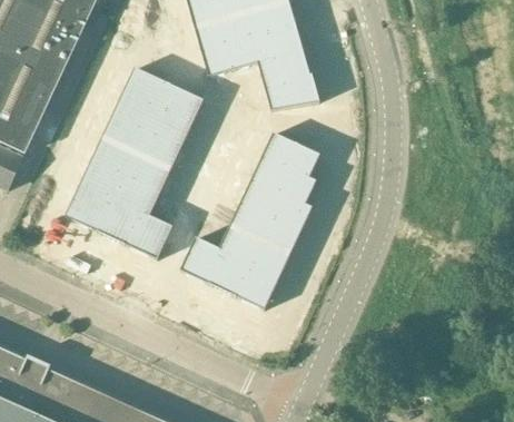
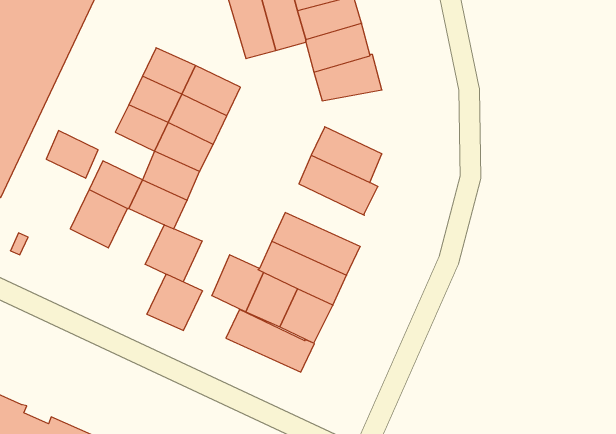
building: [91,136,134,175] -> [46,131,98,178]
building: [240,178,313,229] -> [226,309,314,372]
building: [96,198,141,244] -> [147,275,203,330]

